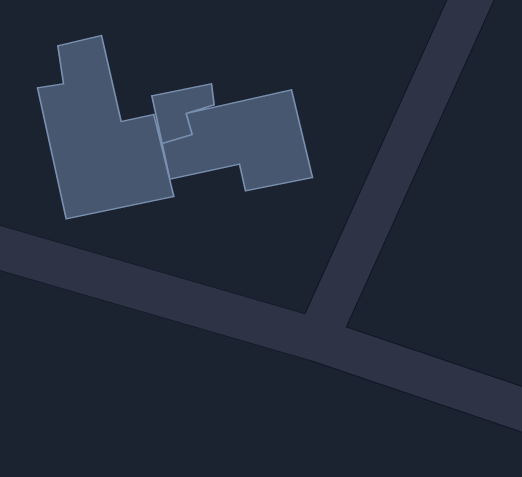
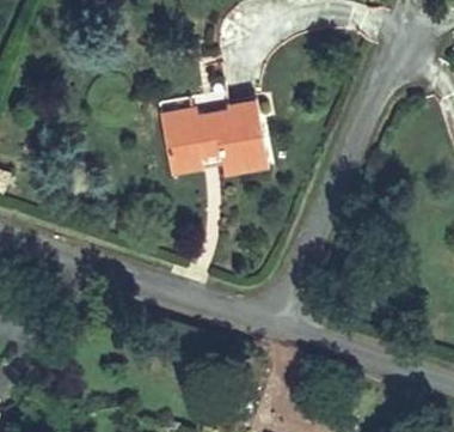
building: [37,35,174,219] -> none

